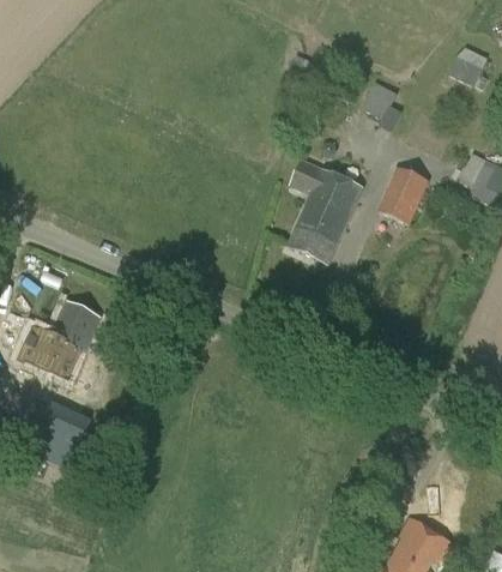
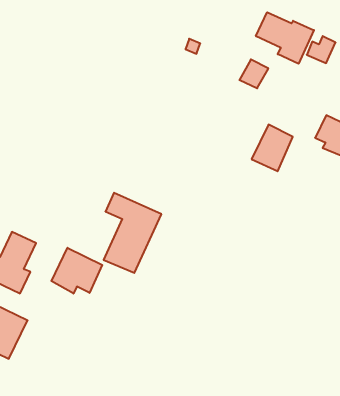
building: none -> [256,12,314,64]
building: [288,161,362,264] -> [104,193,161,273]
building: none -> [51,248,102,294]

